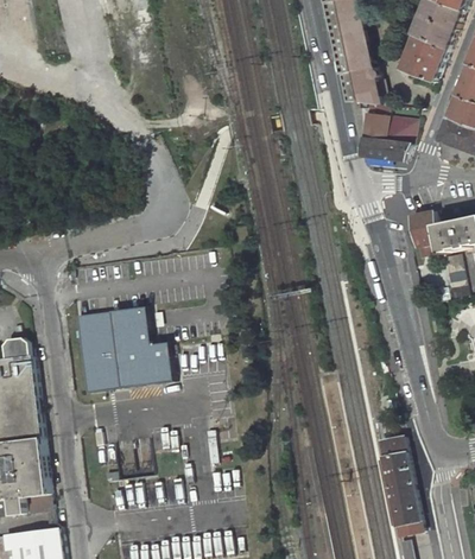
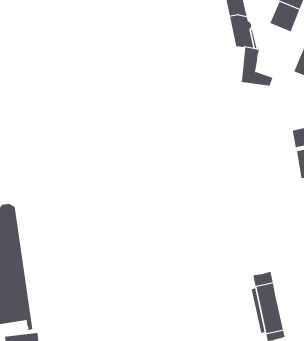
building: [381,116,408,147] -> none
building: [407,210,437,255] -> none
building: [76,303,175,388] -> none

